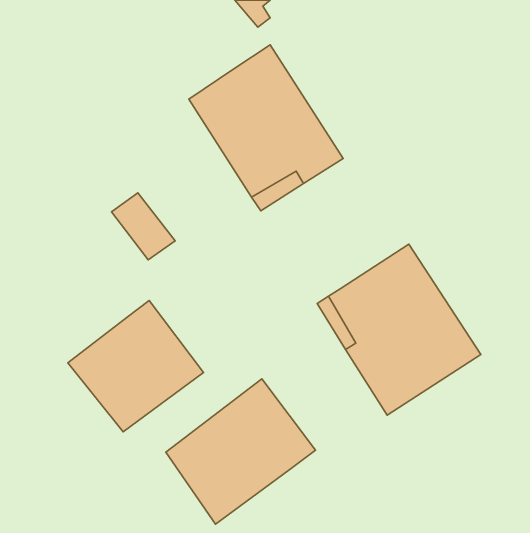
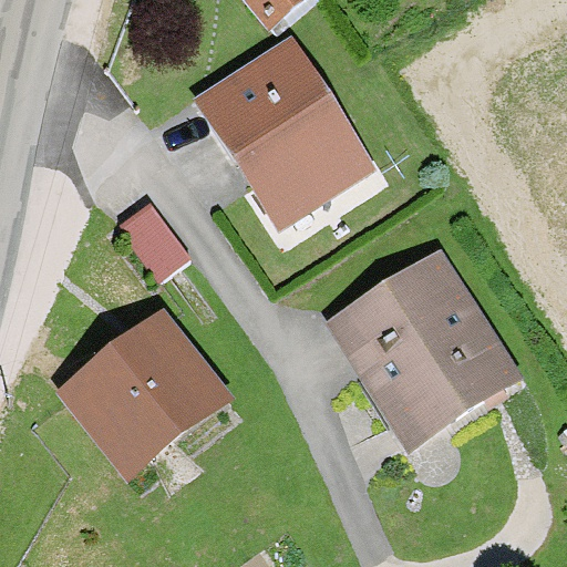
building: [166,379,315,524] -> none

